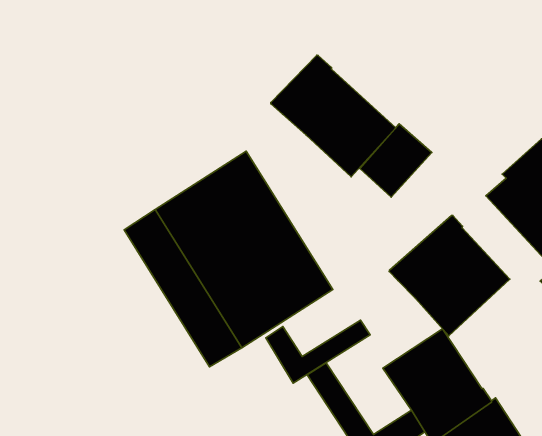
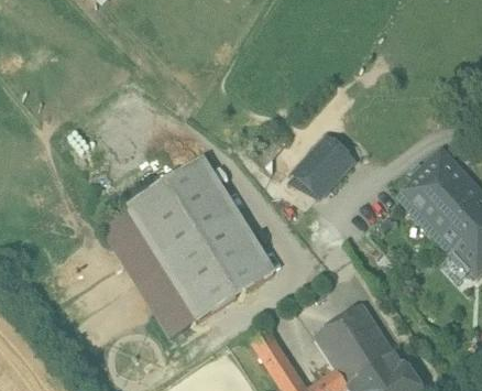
building: [271,55,396,177] -> none
building: [389,215,510,336] -> none
building: [266,320,370,383] -> none

